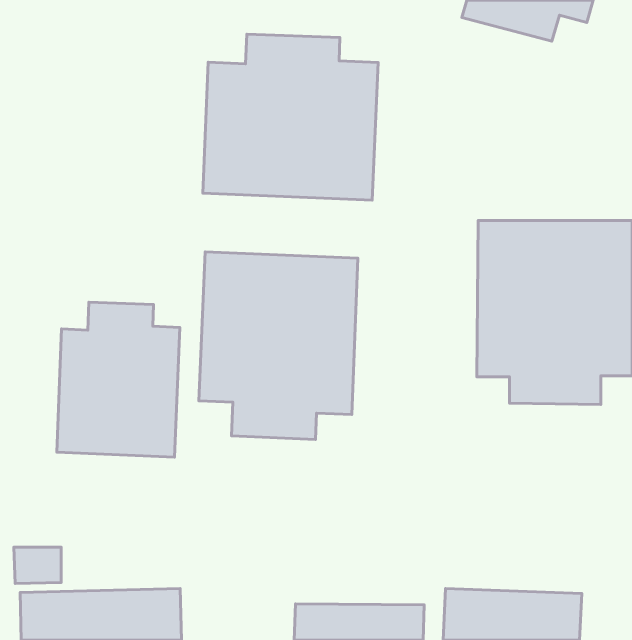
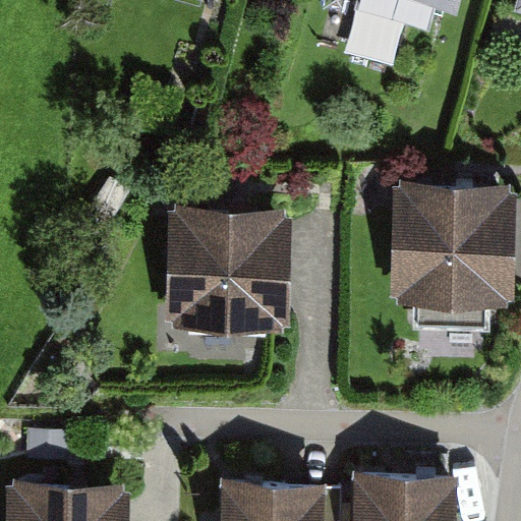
building: [203,34,378,200] -> none
building: [57,302,180,457] -> none

